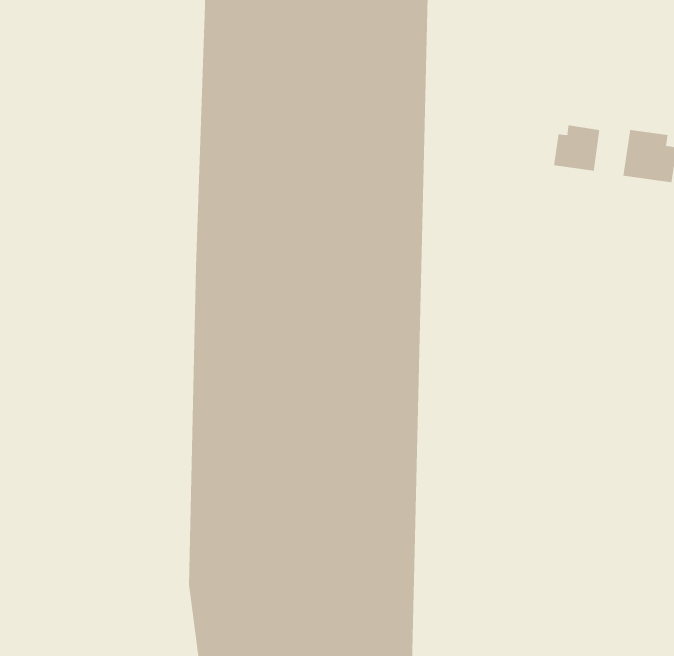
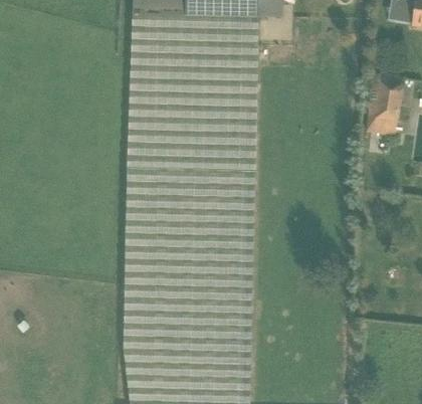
building: [554,125,600,172] -> none

